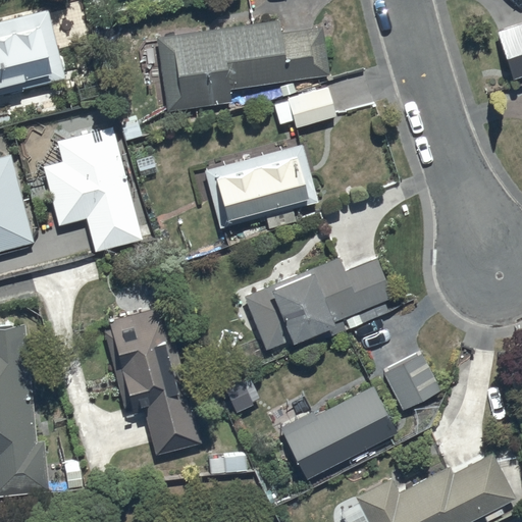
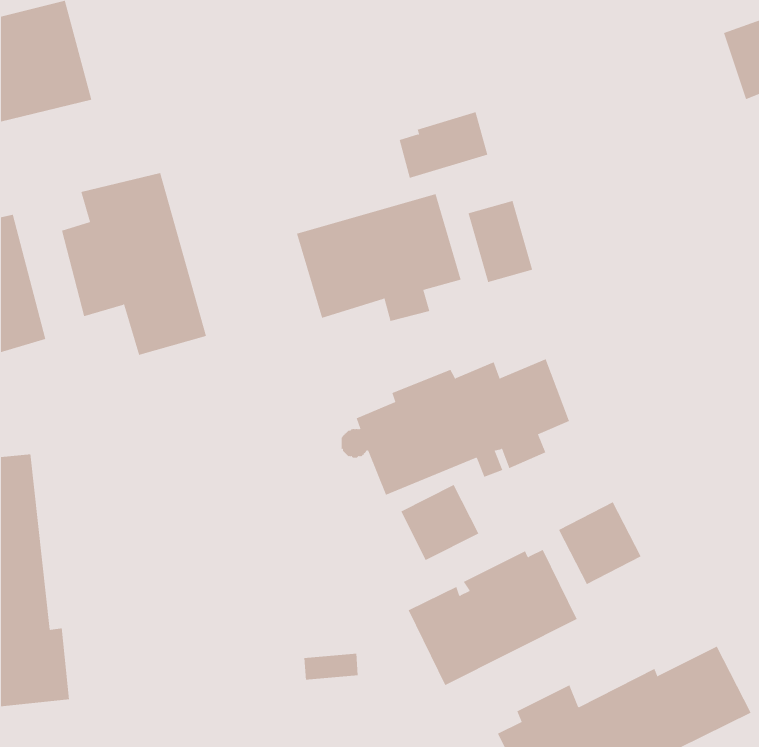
building: [157,20,328,111] -> none
building: none -> [468,200,533,283]
building: [102,305,202,455] -> none
building: none -> [401,484,479,561]

